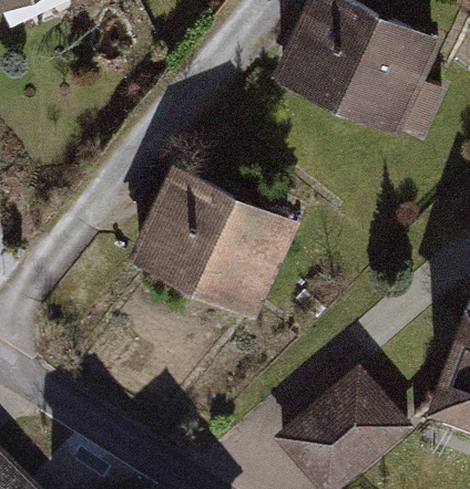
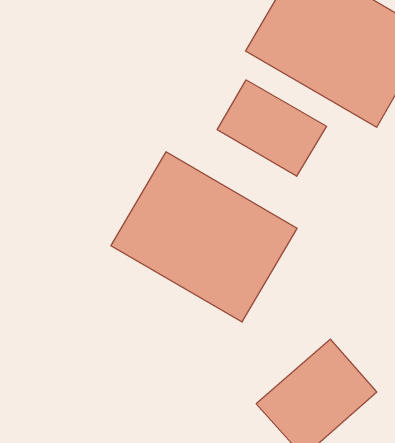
building: none -> [217,80,327,176]

